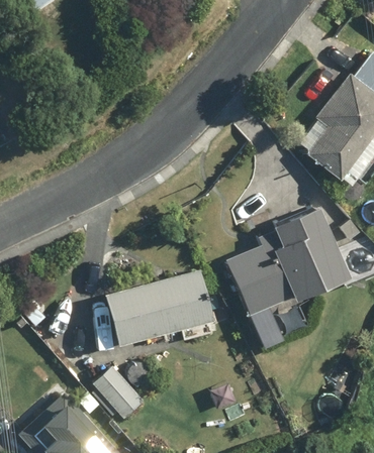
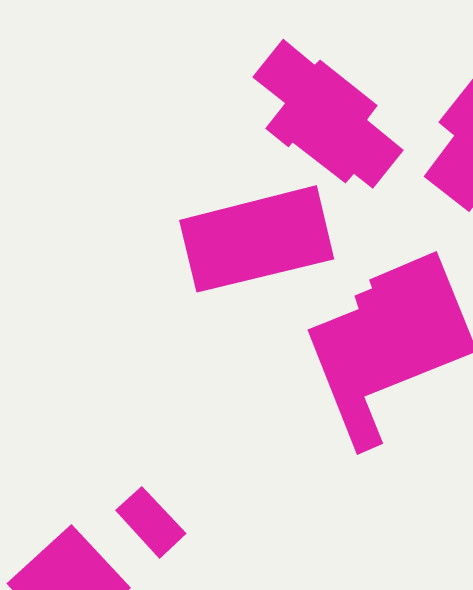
building: none -> [251,38,405,190]
building: [104,270,212,345] -> [178,184,335,293]

